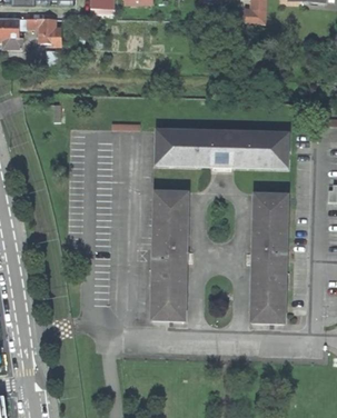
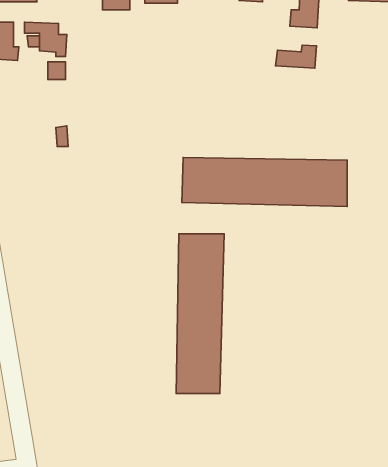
building: none -> [276,45,316,68]
building: [249,193,288,324] -> none

